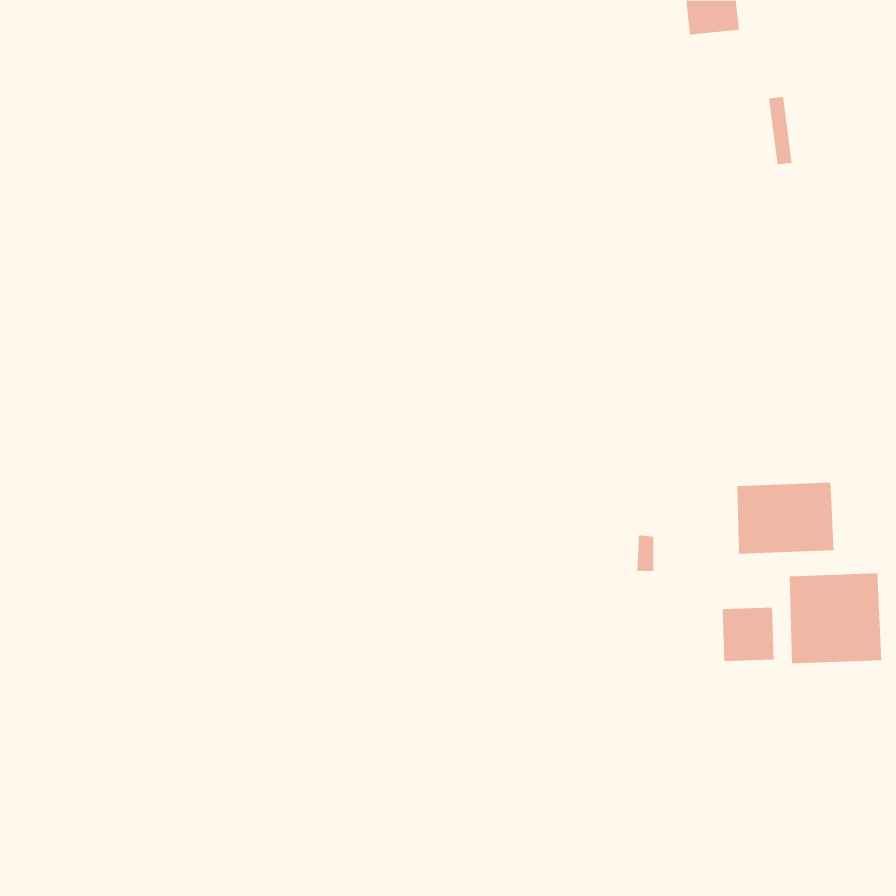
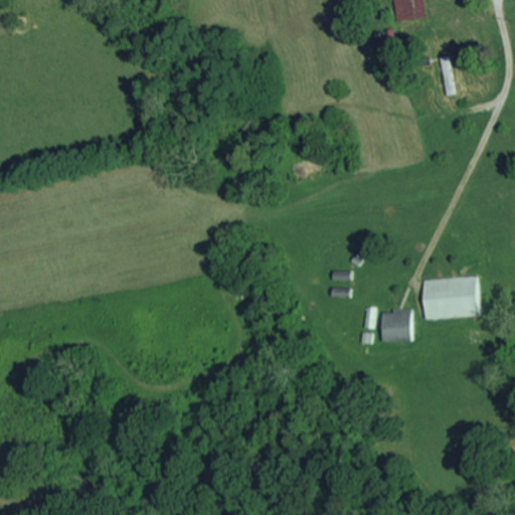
building: [789,573,882,664] -> none
building: [722,607,775,662] -> [381,310,411,341]

